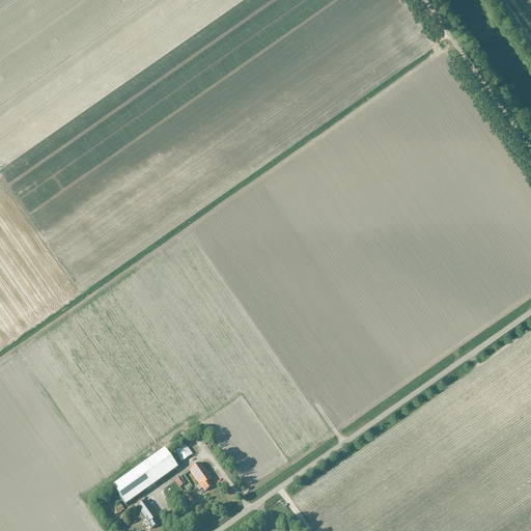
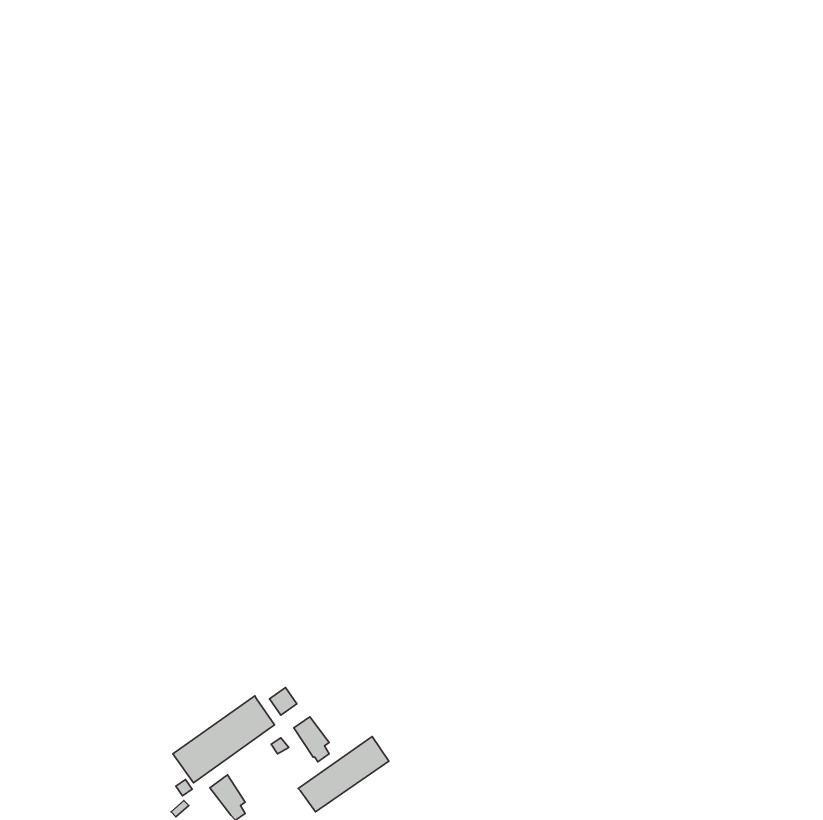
building: none -> [298,737,389,812]

